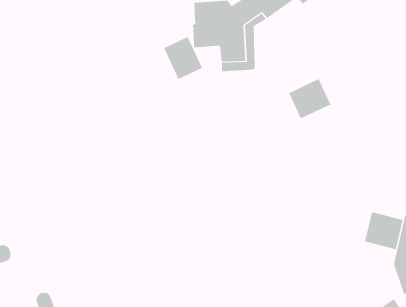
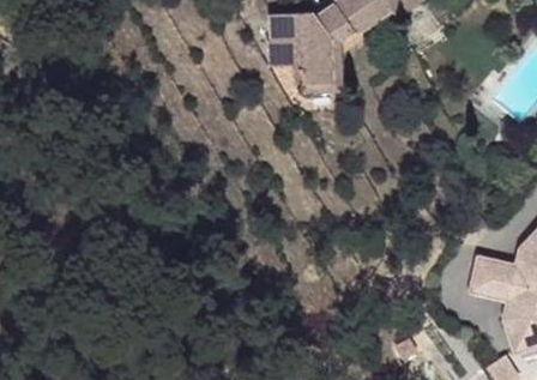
building: [163,36,203,80] -> none
building: [289,78,331,119] -> none

